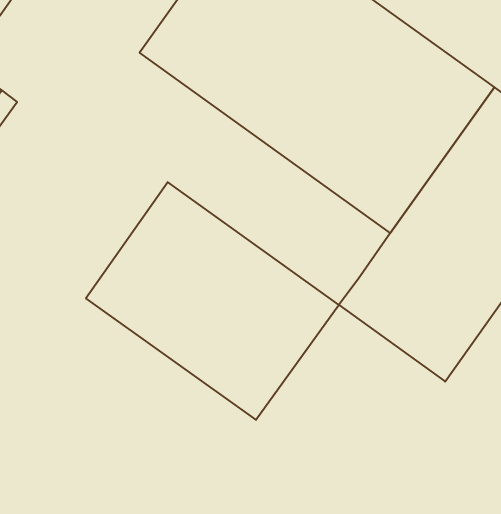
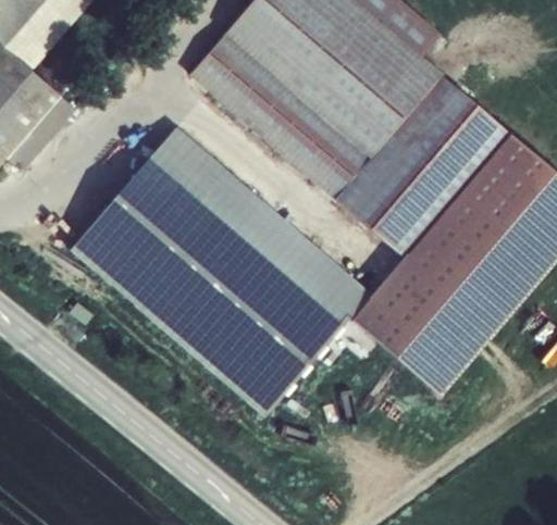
building: none -> [71,126,370,315]

